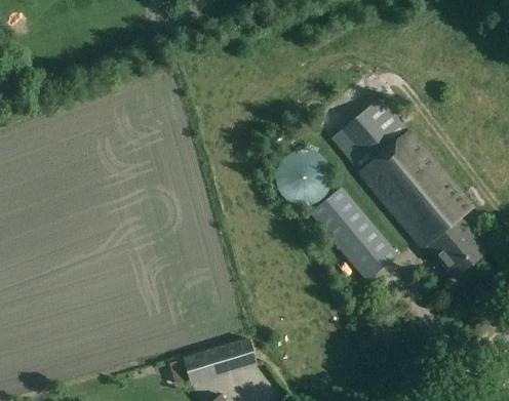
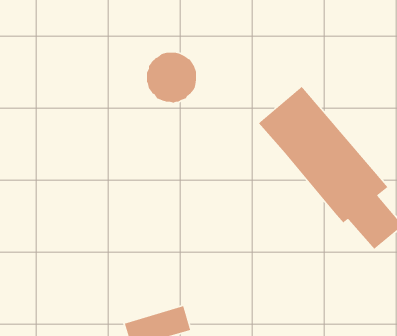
building: [275,150,330,206] -> [146,52,197,103]
building: [310,188,398,281] -> none

